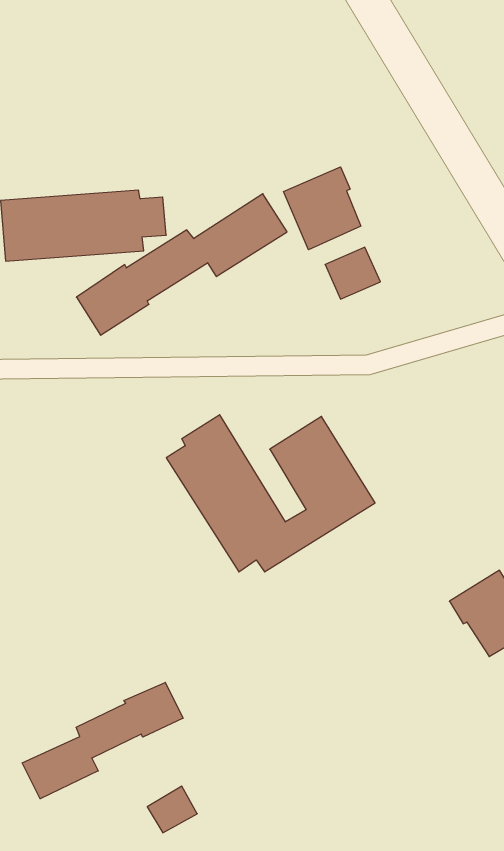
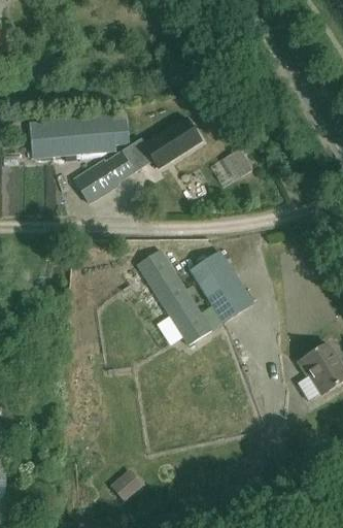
building: [283,167,361,250] -> none
building: [22,682,183,799] -> none

